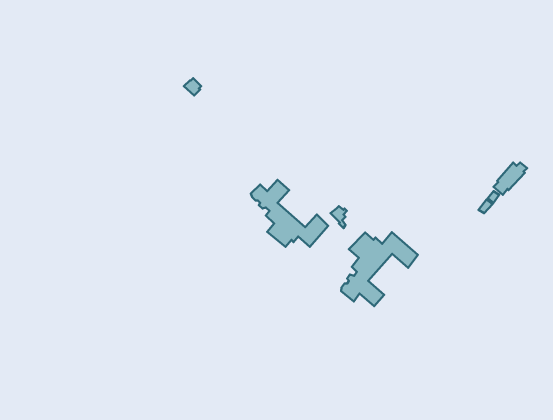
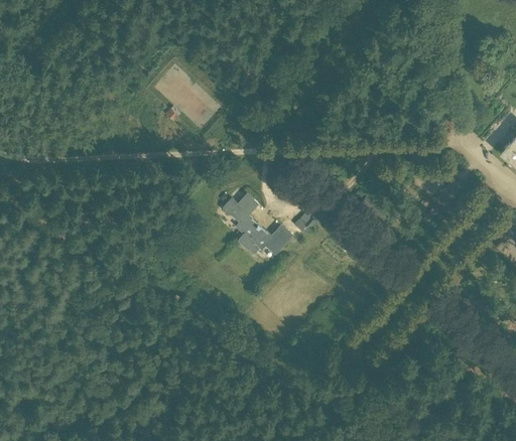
building: [341,232,418,306] -> none

